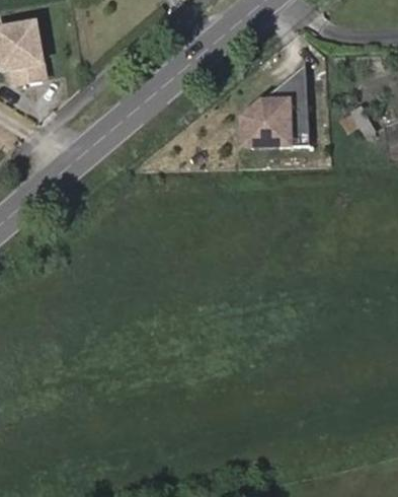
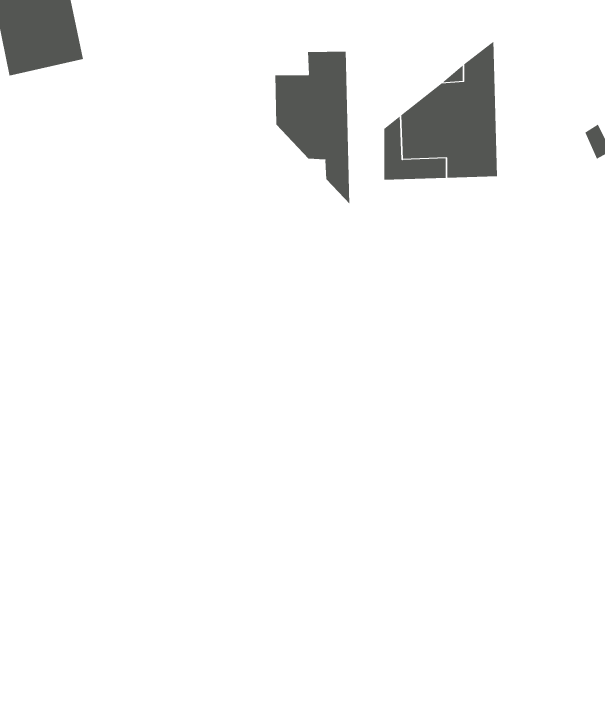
building: none -> [275,51,350,205]

